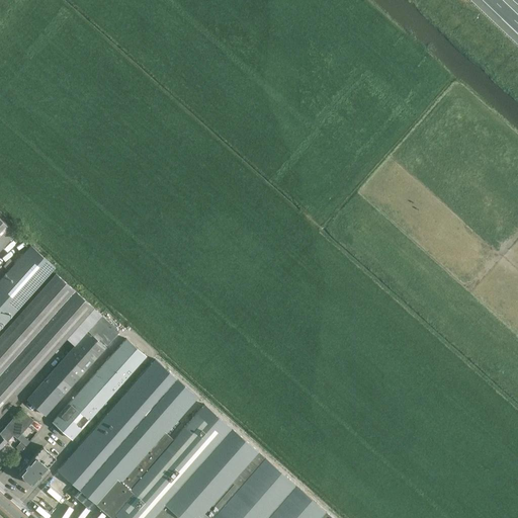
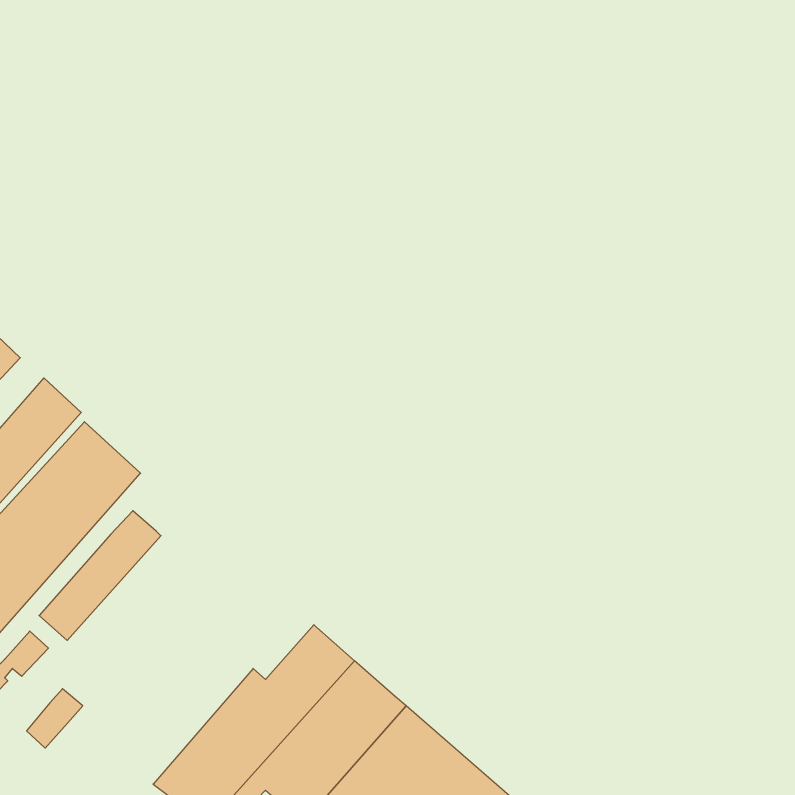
building: [86,318,116,347] -> none
building: [51,340,144,441] -> none
building: [56,362,196,510] -> none

